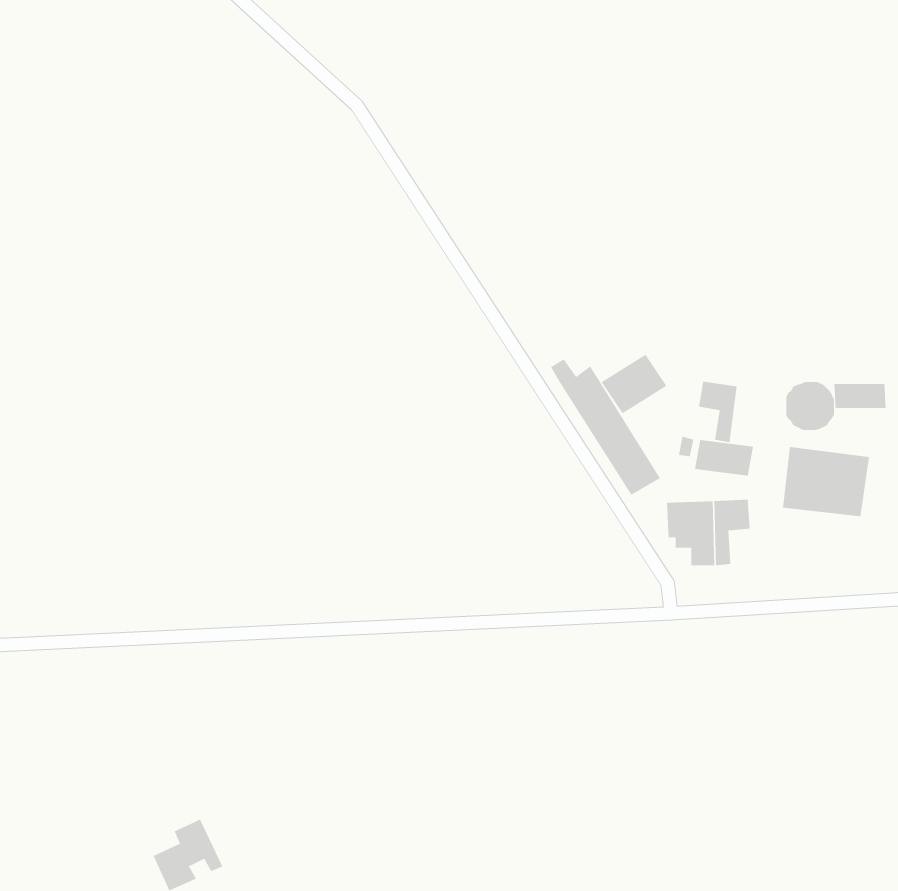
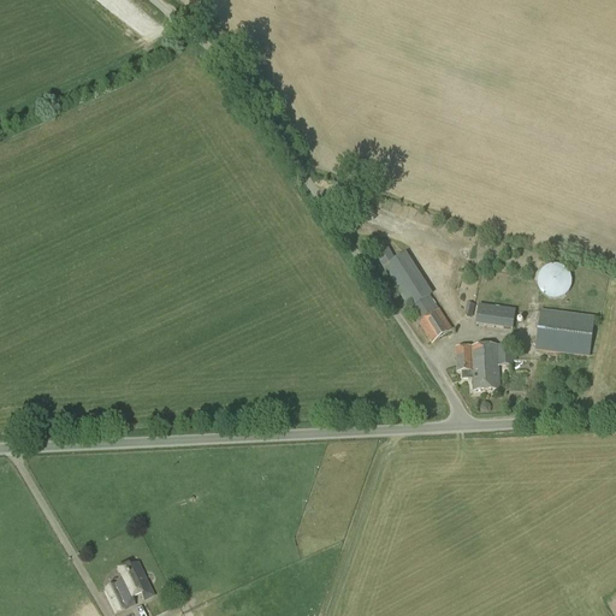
building: [601,354,667,414] -> none
building: [699,381,737,443] -> none
building: [834,383,886,409] -> none

